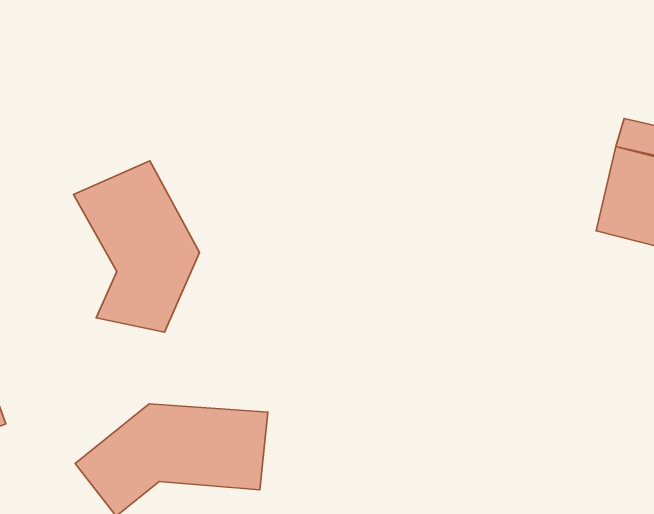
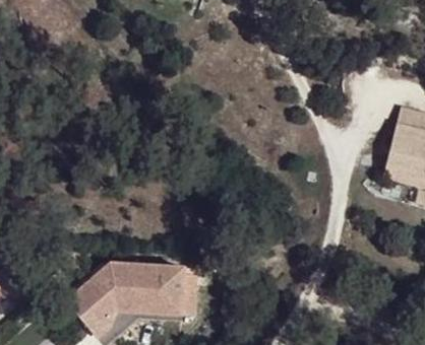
building: [73,161,199,332] -> none

